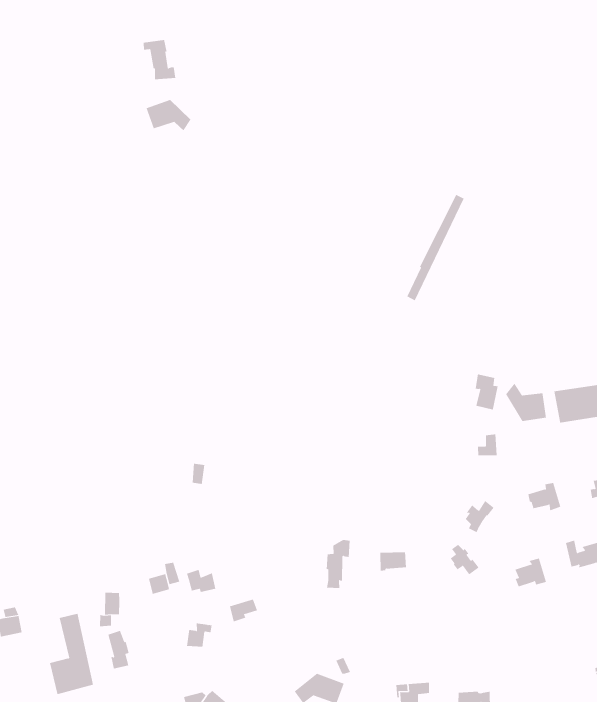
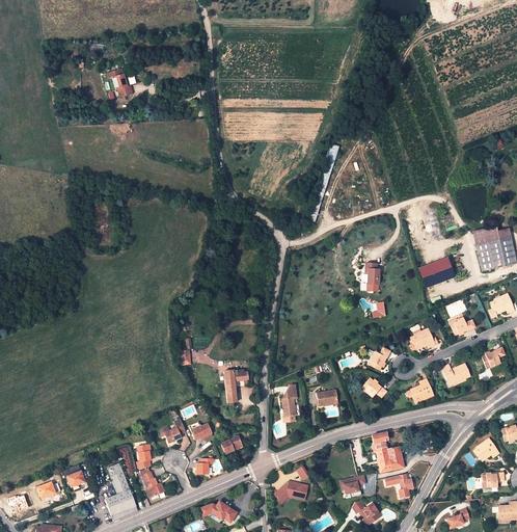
building: [146,99,191,131] -> none
building: [506,383,546,422] -> none
building: none -> [224,371,248,402]
building: none -> [371,432,403,473]

